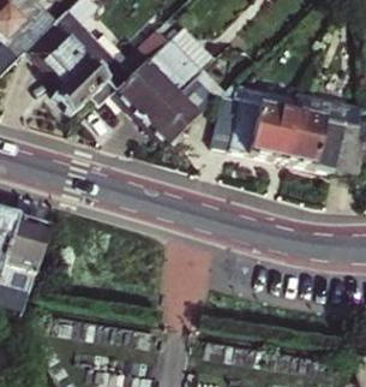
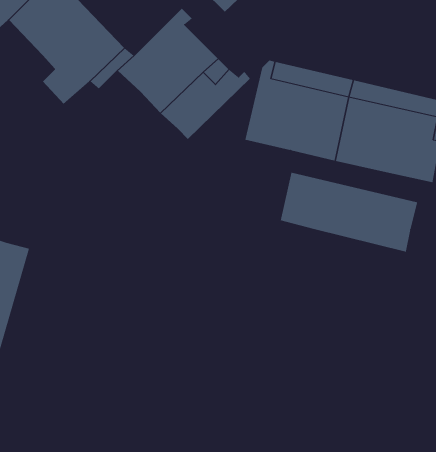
building: none -> [280,172,418,252]

